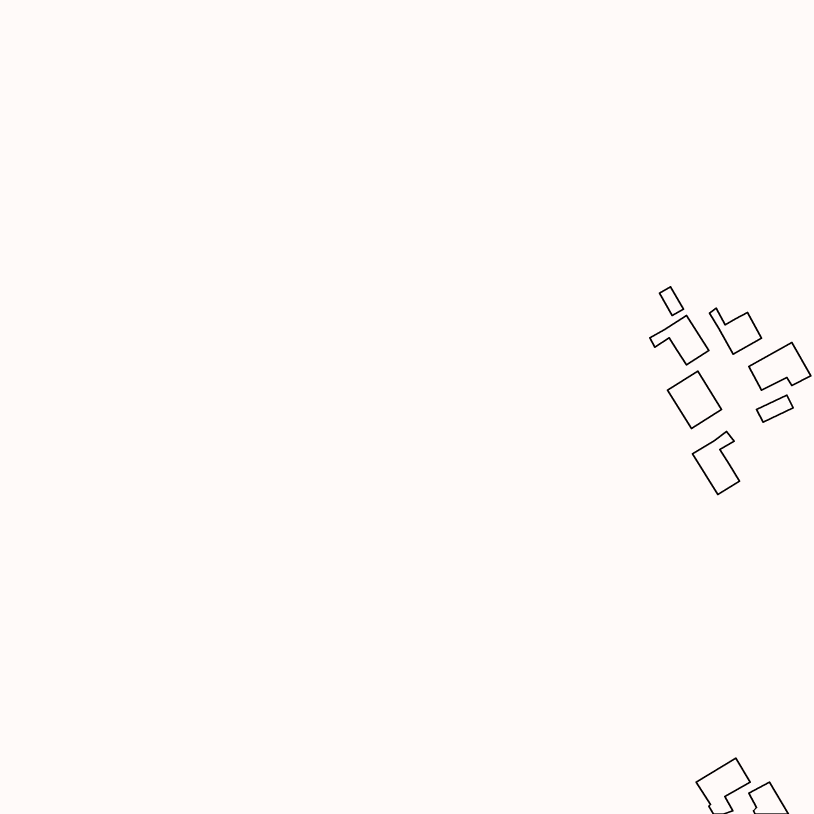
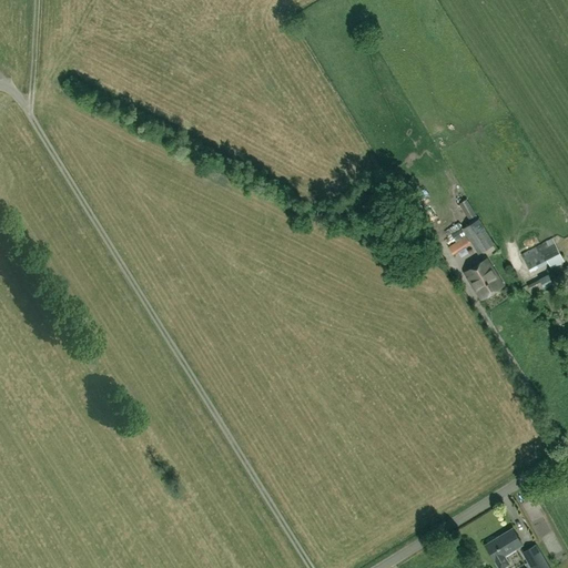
building: [710,308,762,354] -> none
building: [693,431,739,495] -> none

